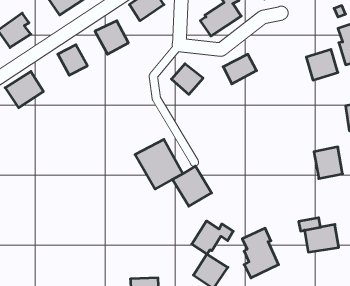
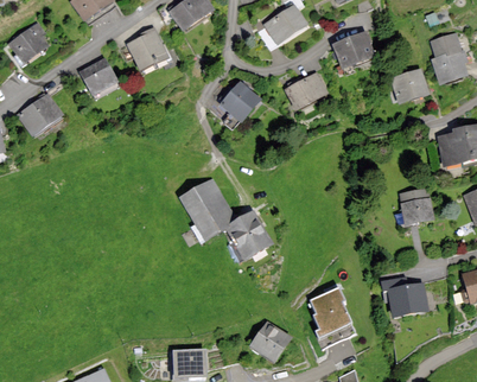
building: none -> [332,31,376,70]
building: [192,221,233,254] -> none

